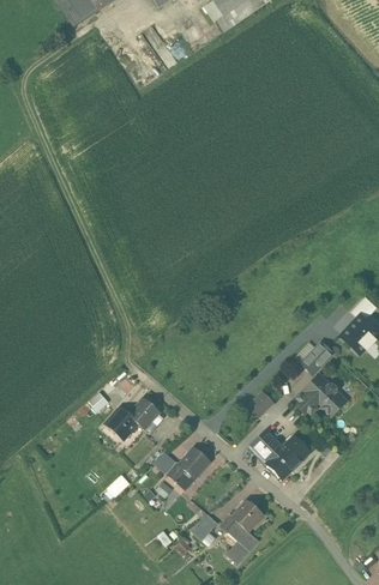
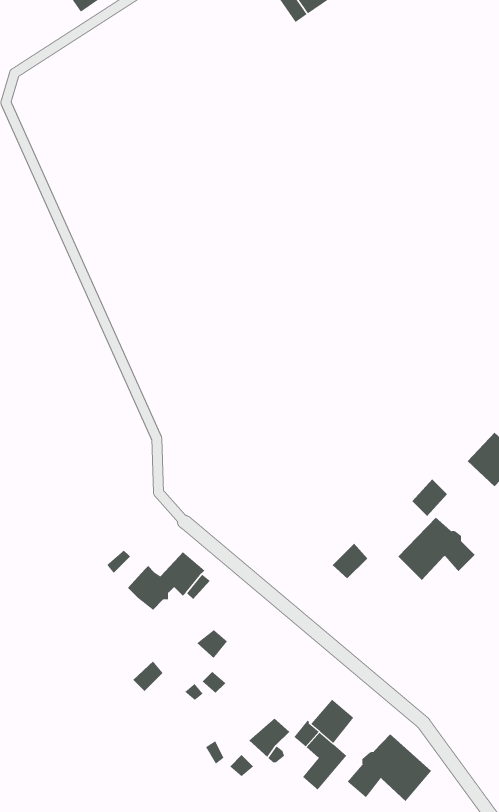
building: [249,427,309,478] -> none
building: [168,446,210,488] -> none
building: none -> [347,733,432,802]

